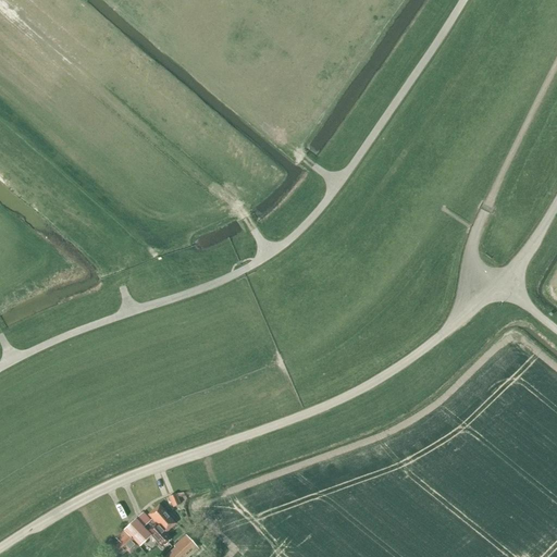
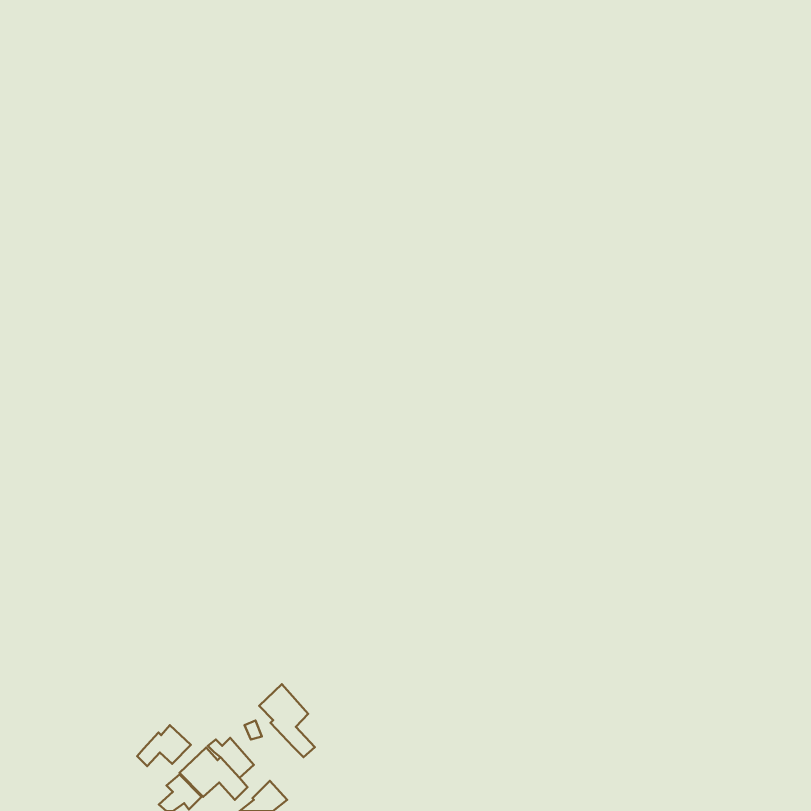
building: none -> [259,684,315,757]
building: none -> [137,725,191,766]

